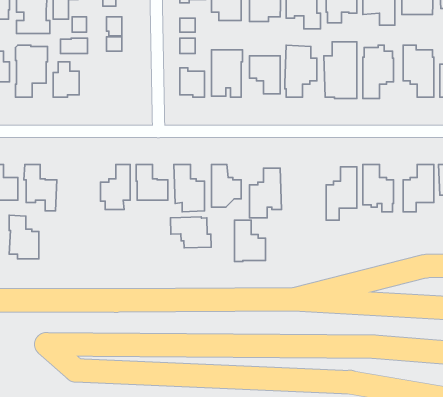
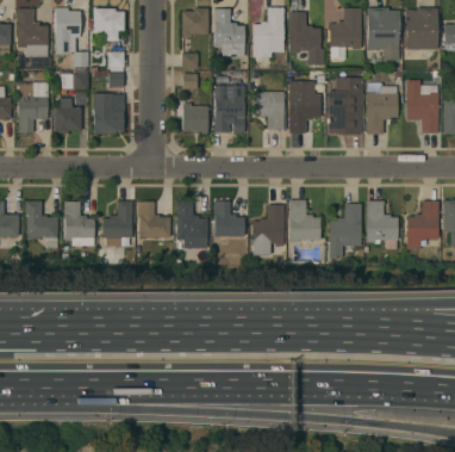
building: none -> [94,94,124,134]
building: [9,215,39,259] -> [64,202,94,246]
building: [171,217,211,248] -> none
building: [235,220,265,262] -> [289,200,320,242]

